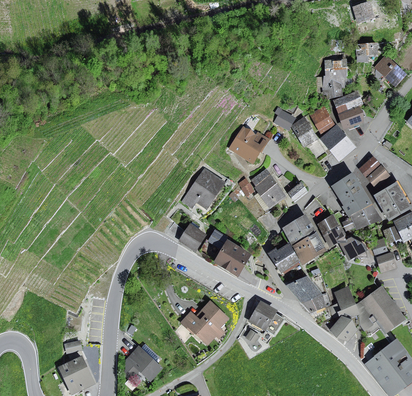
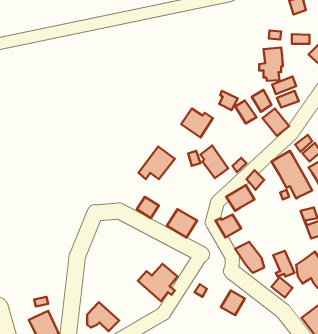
building: [318,215,366,260] -> none
building: [292,230,324,261] -> none
building: [250,302,277,330] -> [221,290,245,315]

